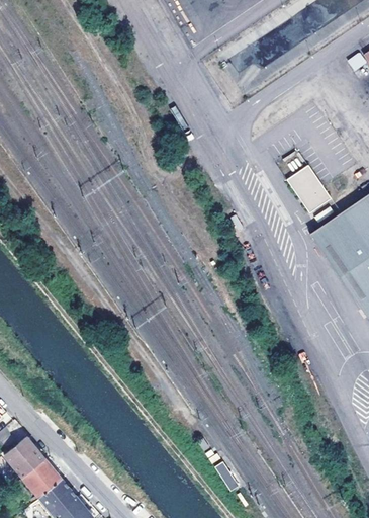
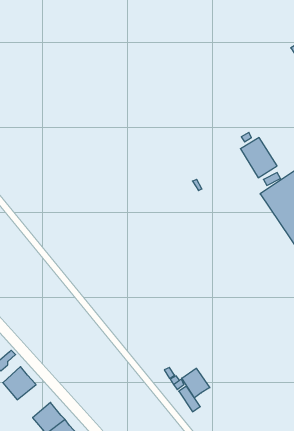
building: none -> [182,368,210,398]
building: [23,457,63,497] -> none

